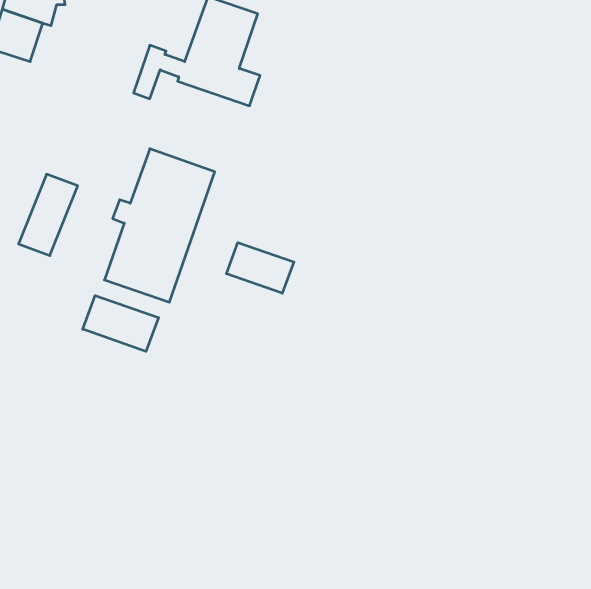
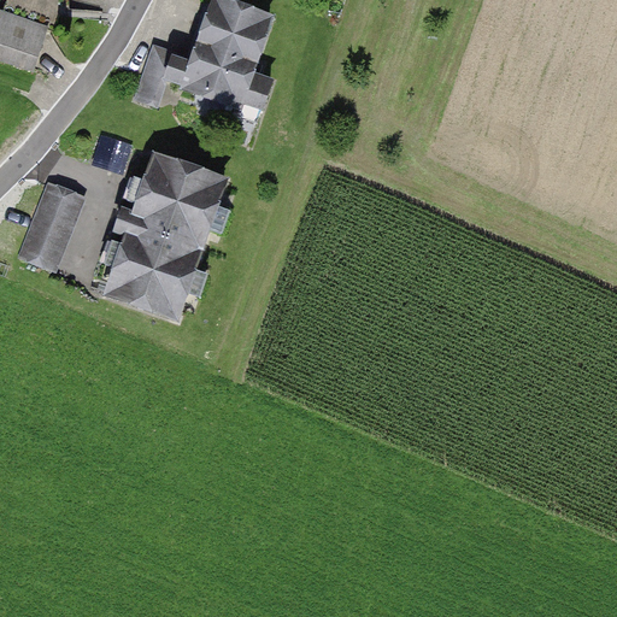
building: [226,243,294,293] -> none
building: [83,296,159,351] -> none

